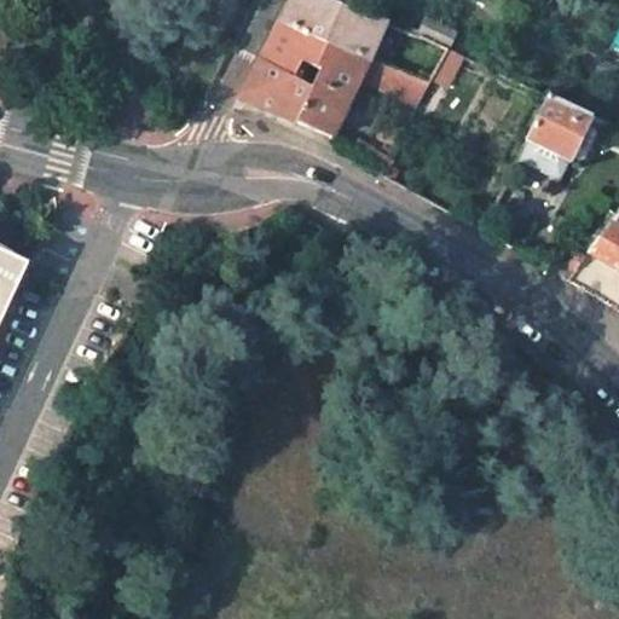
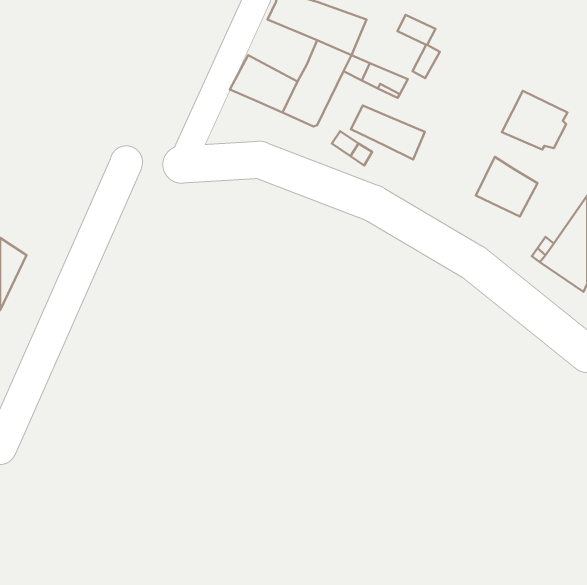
building: [261,21,334,77] -> none
building: none -> [351,105,425,159]
building: none -> [476,157,537,217]

